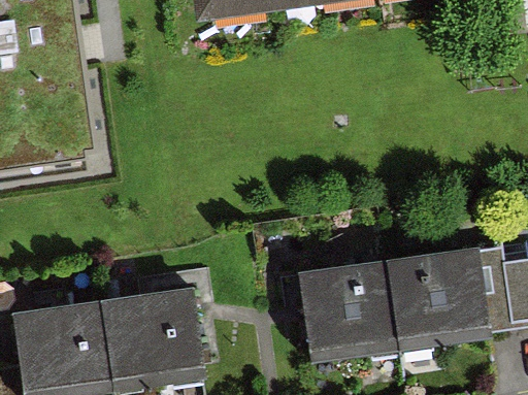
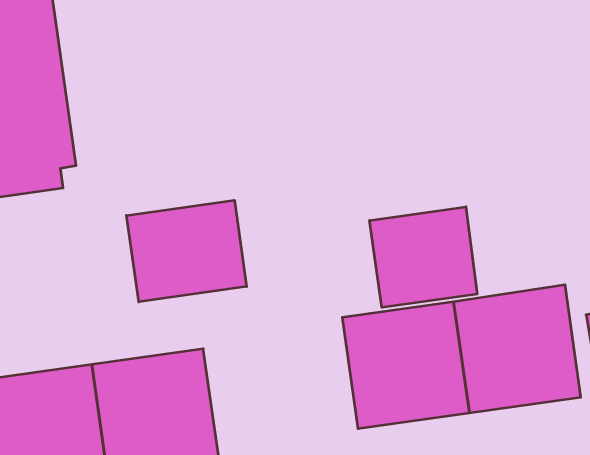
building: none -> [126,200,247,302]
building: none -> [370,207,477,307]

